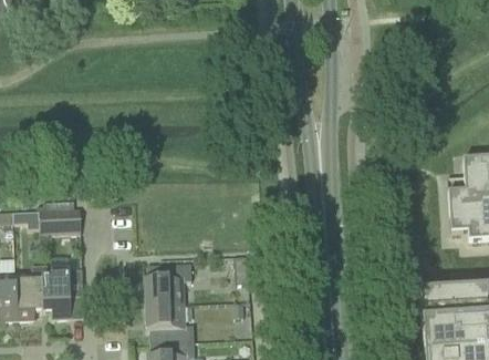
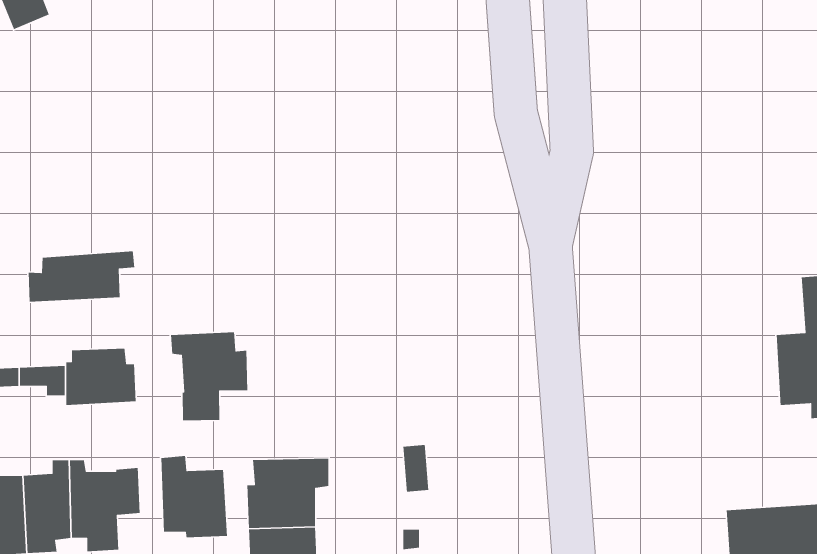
building: none -> [28,251,135,302]
building: none -> [170,331,248,421]
building: none -> [160,455,228,538]

